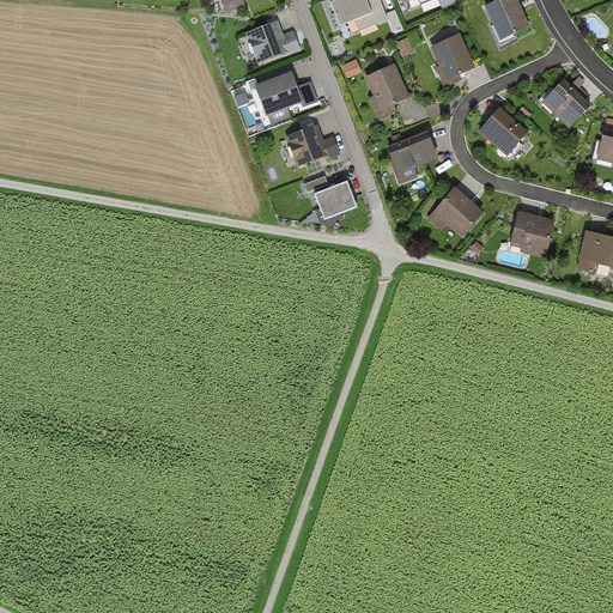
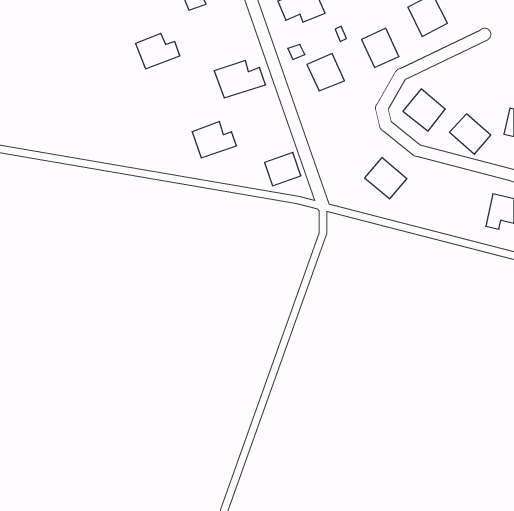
building: [245,20,298,62] -> [135,33,180,69]
building: [541,78,590,126] -> [449,114,491,154]
building: [284,125,336,168] -> [192,122,237,158]
building: [388,131,436,169] -> none
building: [510,211,554,253] -> none

